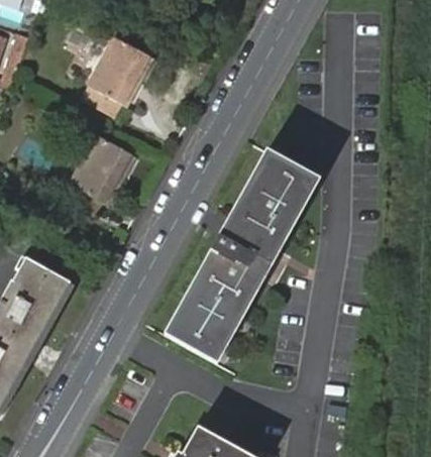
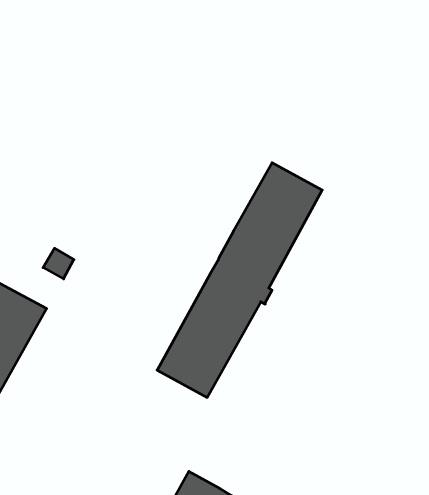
building: [82,35,153,116] -> none
building: [65,134,135,214] -> none

